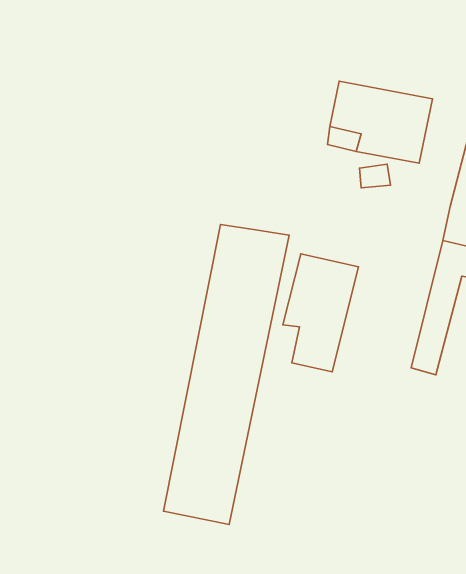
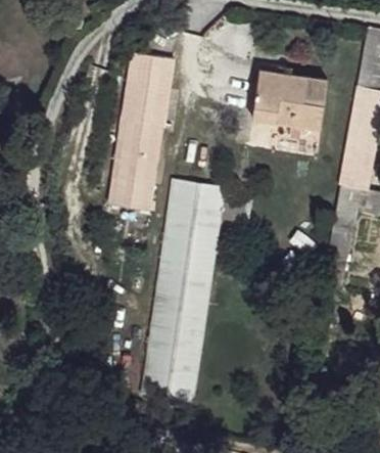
building: none -> [109,51,171,211]
building: [283,254,358,372] -> none

